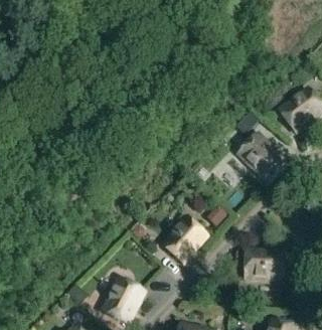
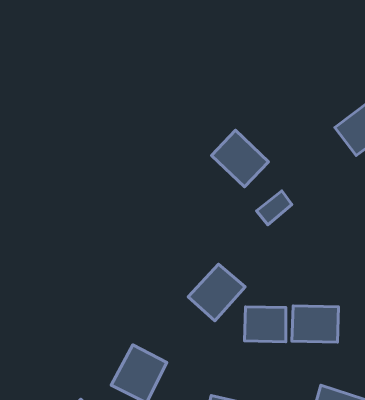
building: [236,132,282,177] -> [212,130,268,187]
building: none -> [245,307,286,342]

